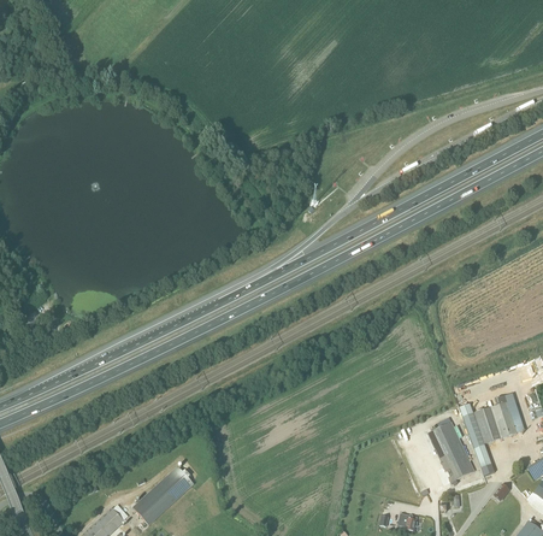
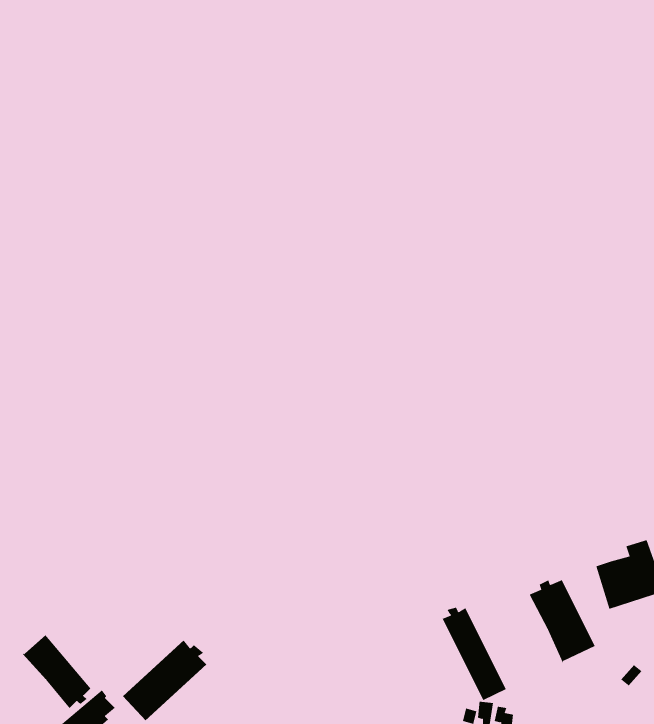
building: none -> [442,607,507,701]
building: none -> [22,634,91,709]

